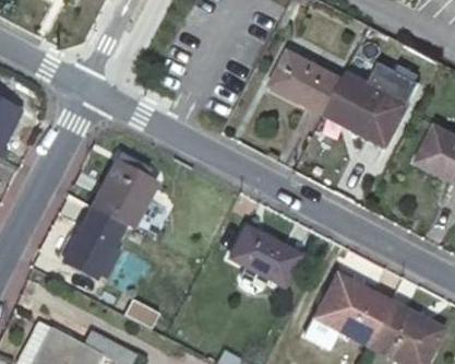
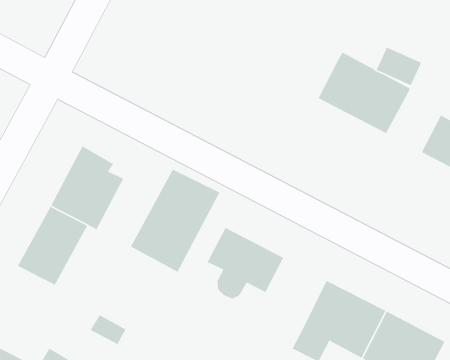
building: [273,48,344,110] -> none
building: none -> [130,168,221,273]

